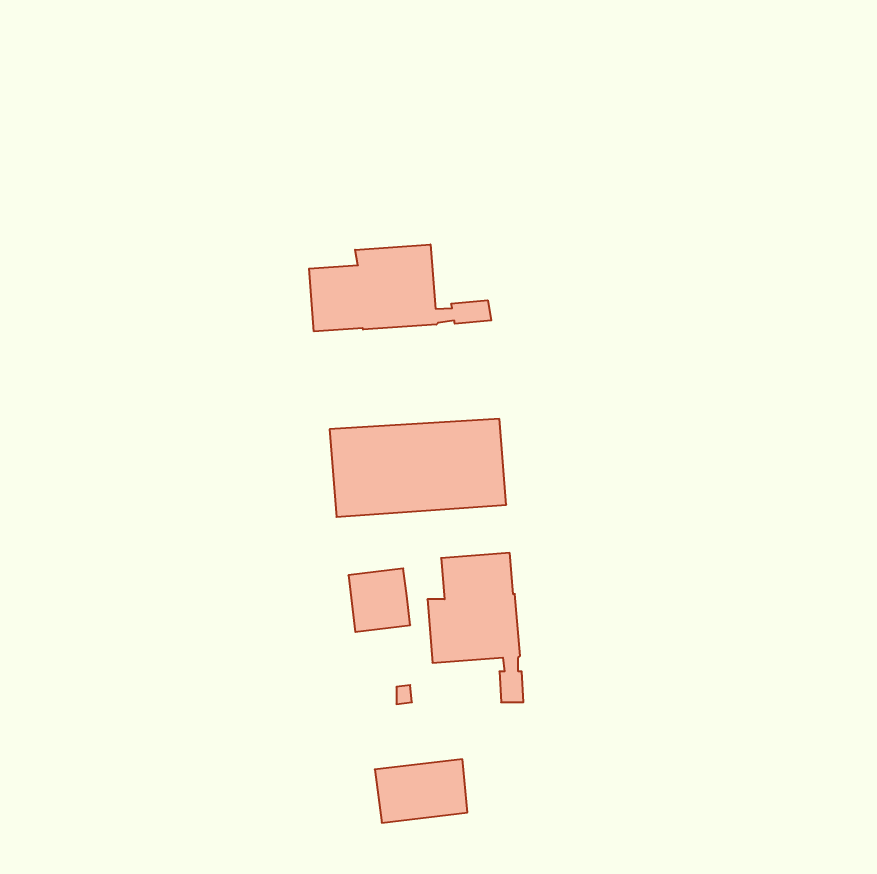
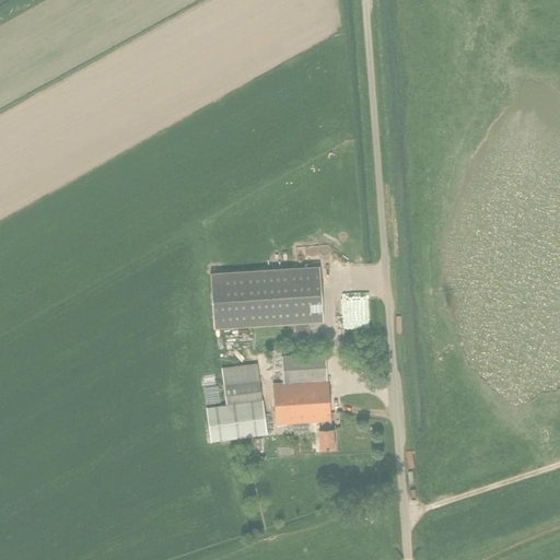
building: [309,244,491,331] -> none
building: [375,759,467,823] -> [207,400,266,441]

